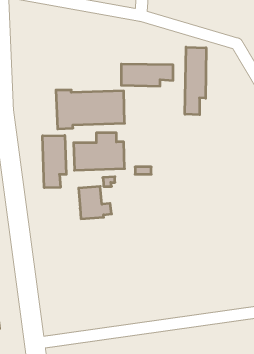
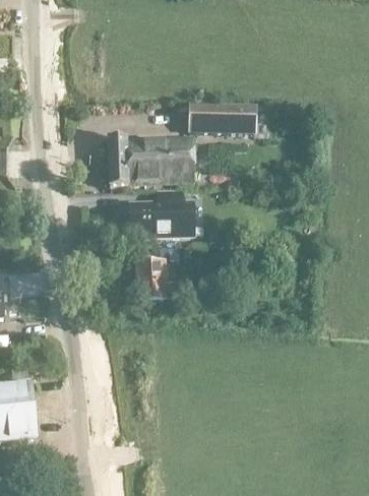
building: [185,47,206,115] -> none
building: [43,135,66,188] -> none

